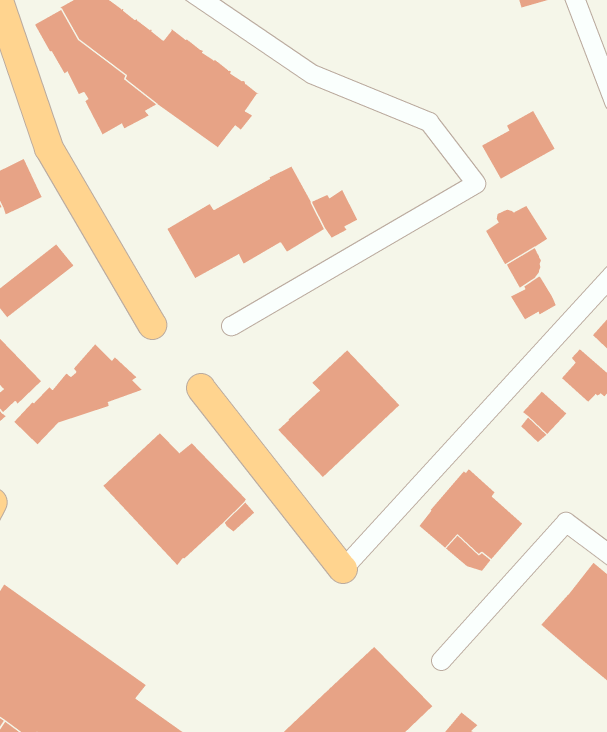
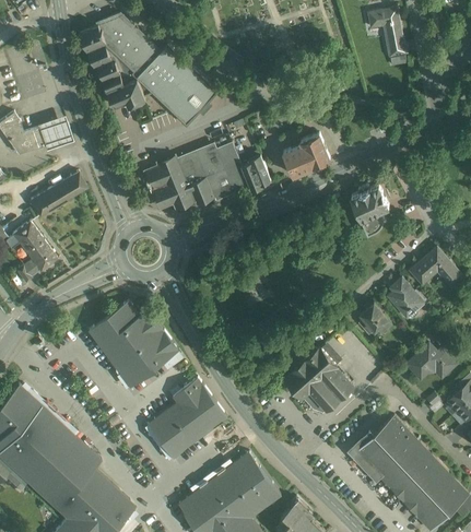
building: [481,110,555,179] -> [283,133,330,175]
building: [510,276,556,320] -> none
building: [14,343,143,445] -> none
building: [277,349,400,478] -> [146,378,226,458]
building: none -> [346,429,380,483]

